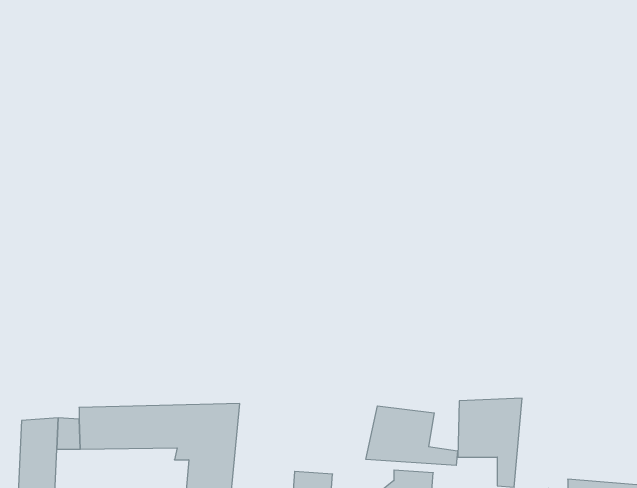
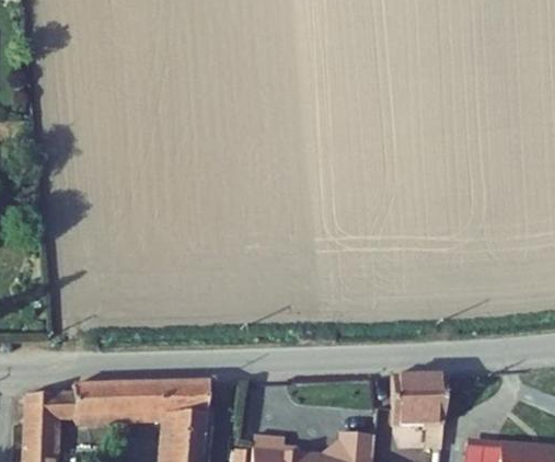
building: [366,406,457,465] -> none

